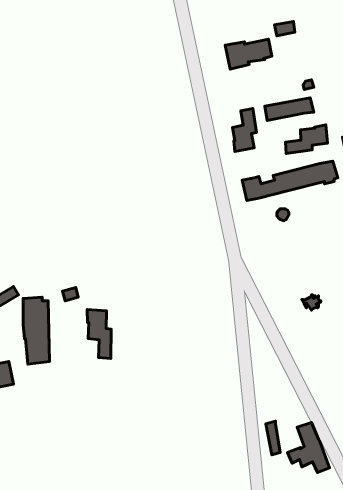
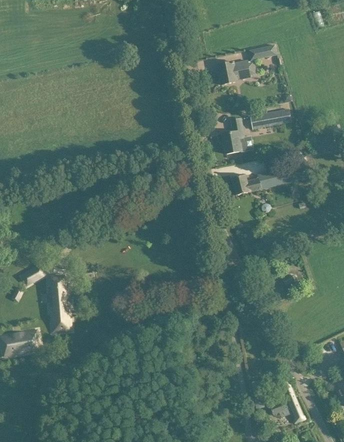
building: [285,125,328,154] -> none
building: [87,309,111,359] -> none

